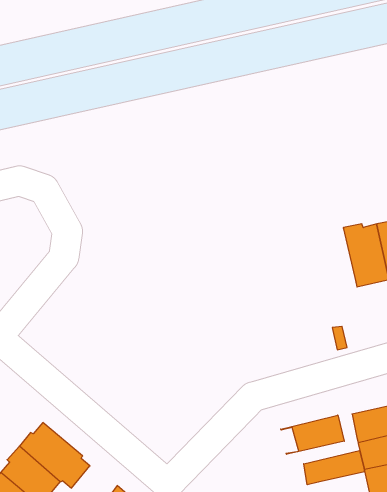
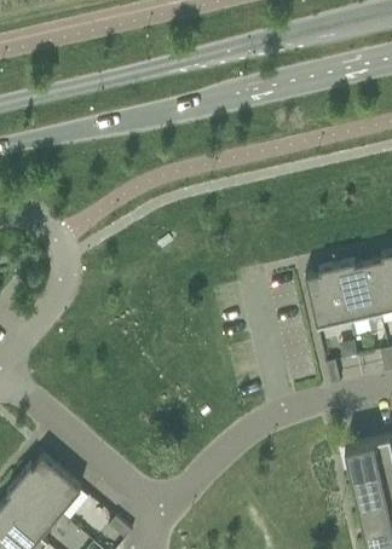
building: none -> [306,266,351,331]
building: [281,415,344,454] -> none
building: [304,451,365,485] -> none

